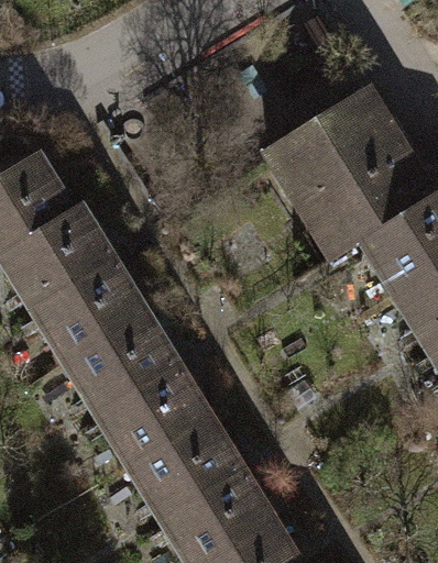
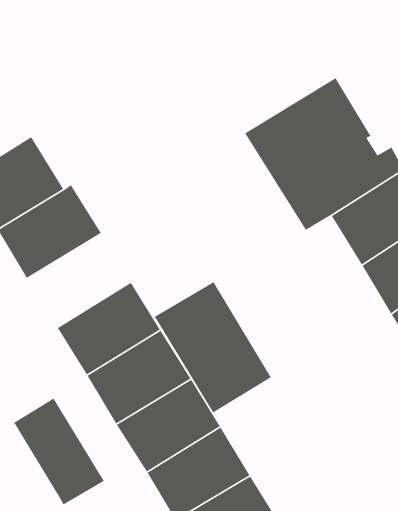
building: [33,260,146,362] -> none
building: none -> [154,281,272,414]
building: none -> [13,398,105,506]

